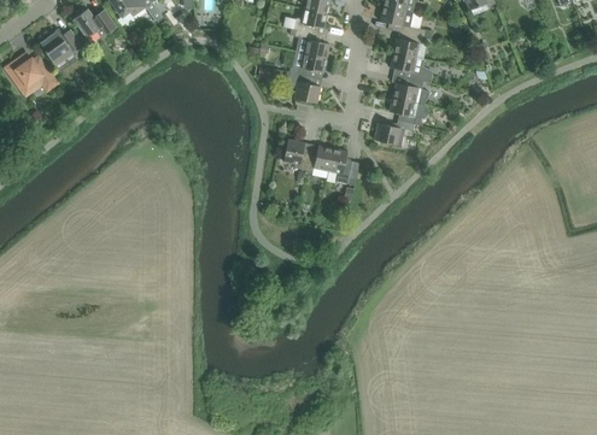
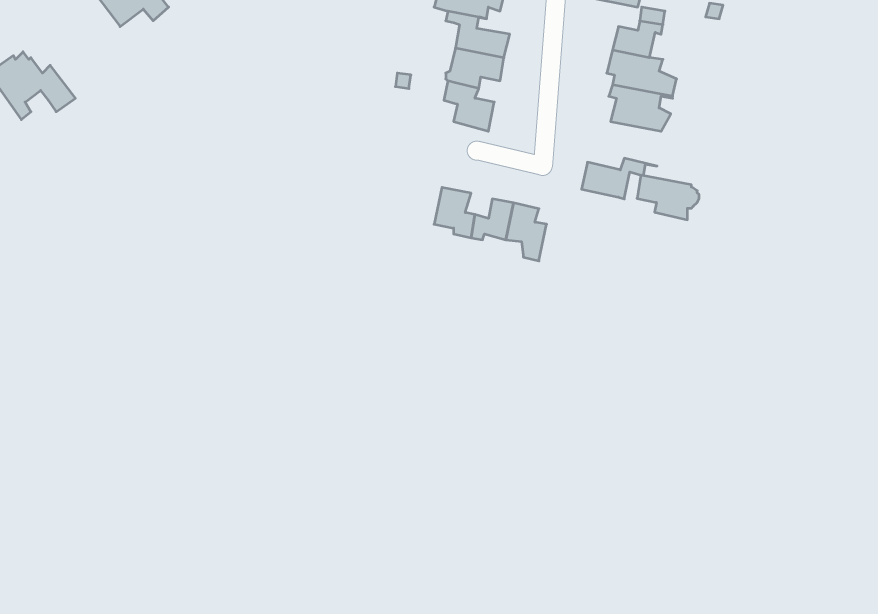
building: [40,29,83,67] -> none
building: [390,98,428,125] -> [637,175,699,220]

